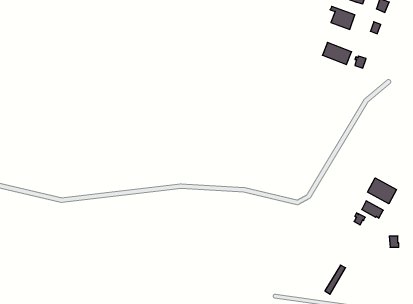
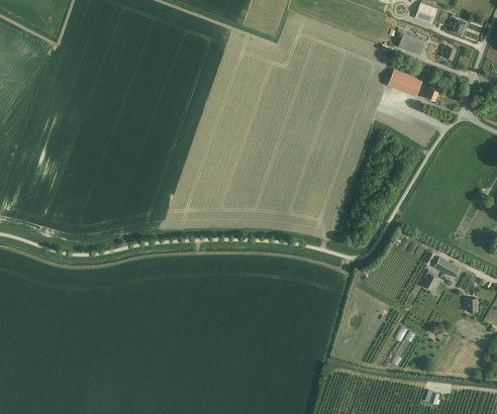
building: [368,178,396,204] -> none

